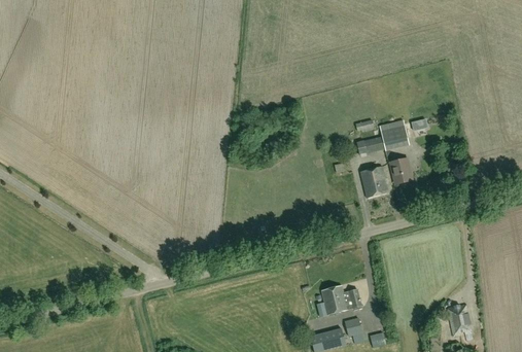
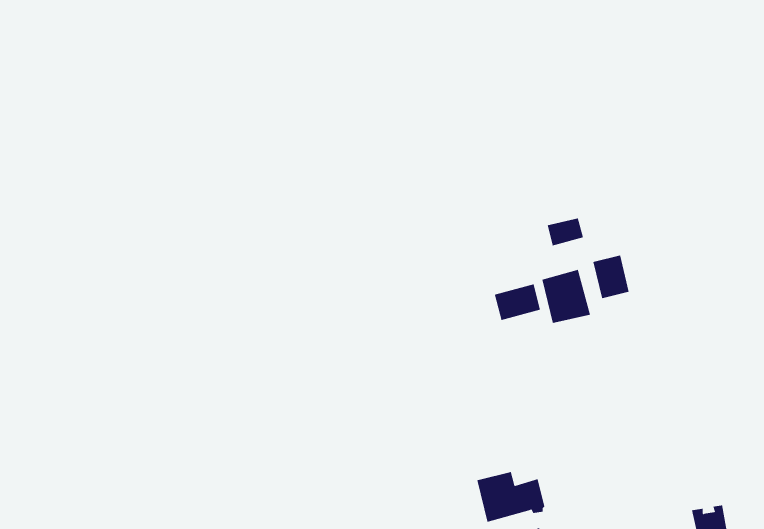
building: [382,126,411,147] -> none
building: none -> [494,283,541,321]

